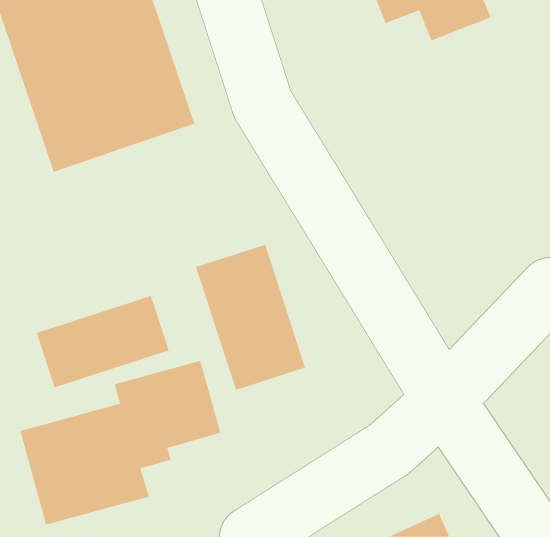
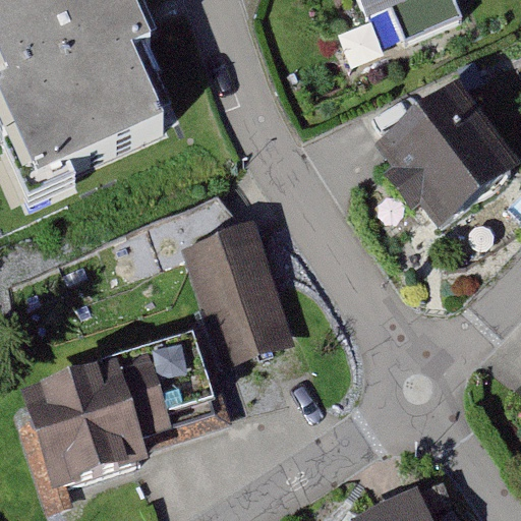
building: none -> [368,94,505,228]
building: [36,295,169,388] -> none

